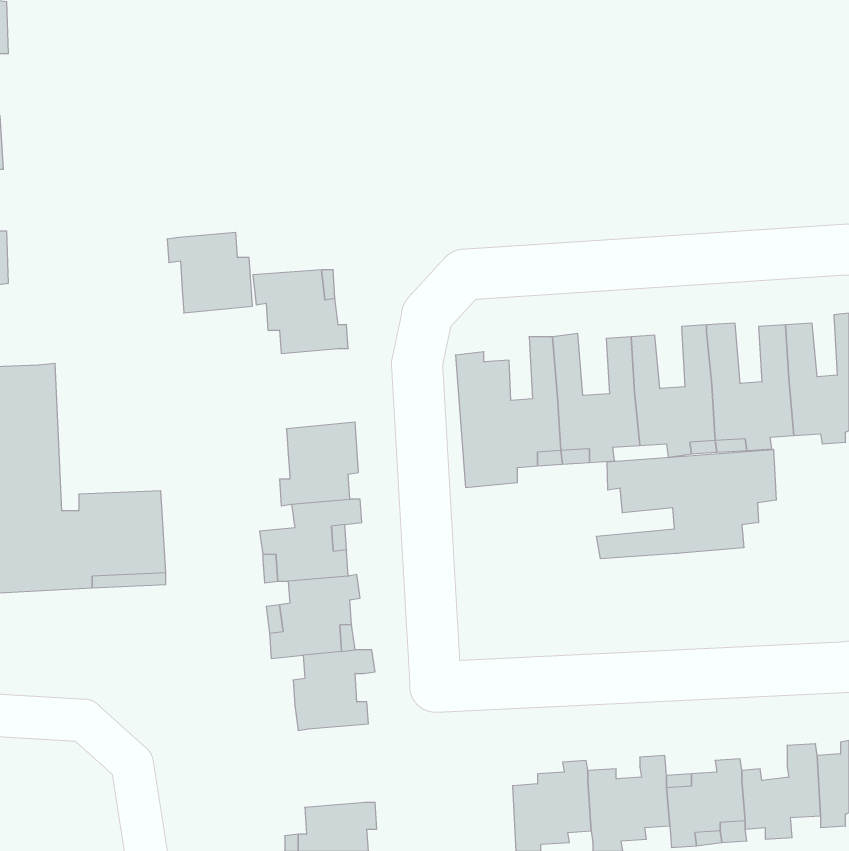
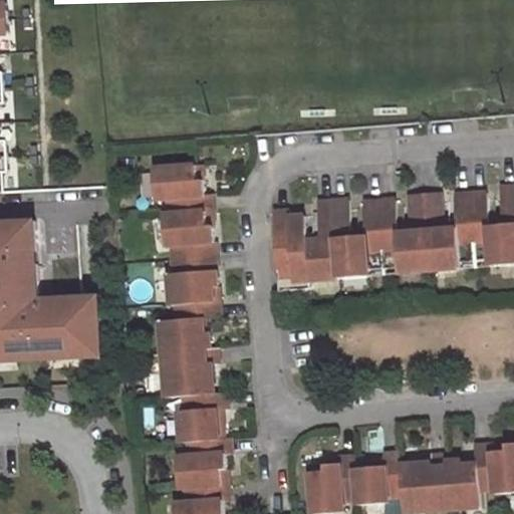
building: [167,232,252,313] -> [162,209,213,257]
building: [597,449,776,559] -> none
building: none -> [176,434,228,485]

